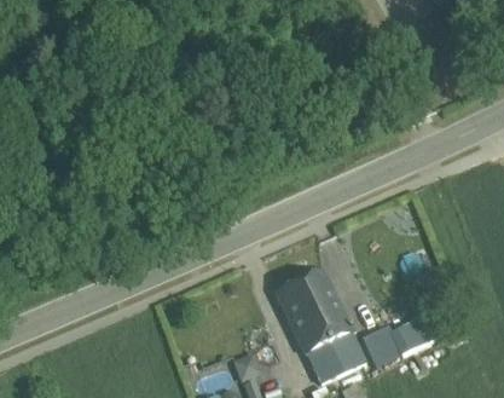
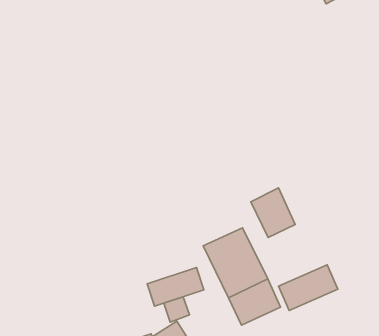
building: none -> [251,188,295,238]
building: none -> [147,267,204,306]

